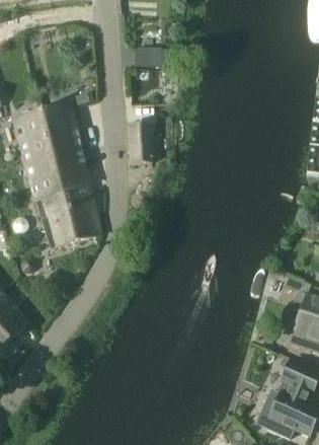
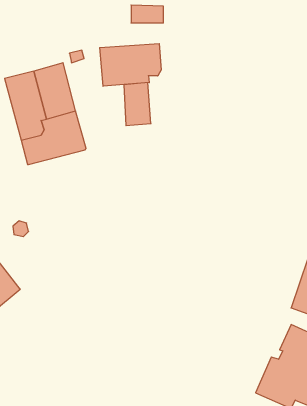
building: none -> [100,44,161,86]
building: [36,187,101,247] -> none

